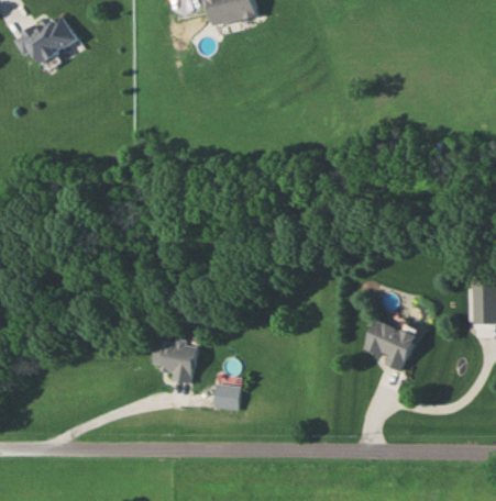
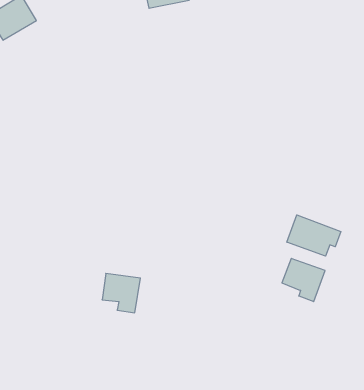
building: none -> [287,215,341,256]
building: [214,385,241,410] -> none

